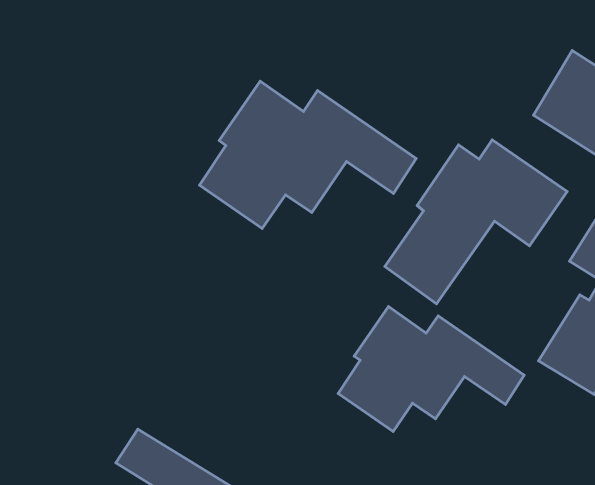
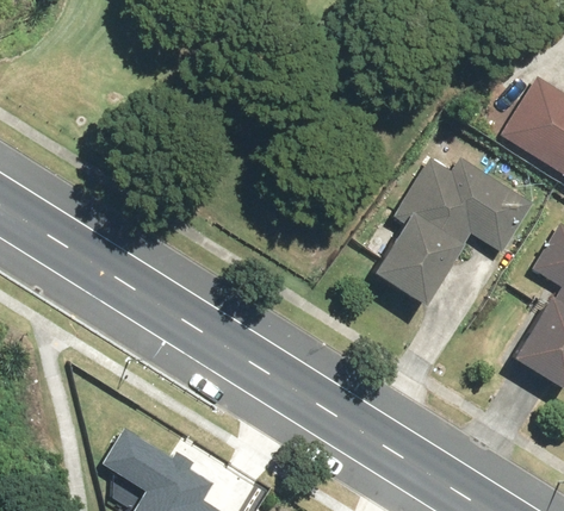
building: [199,81,416,229] -> none
building: [338,307,524,431] -> none

